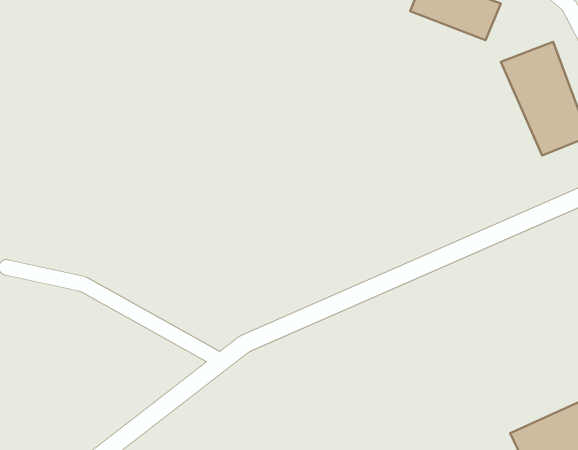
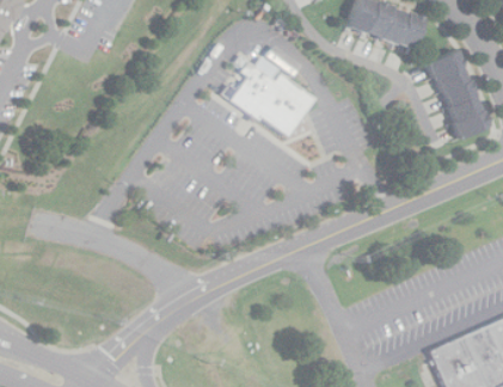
building: none -> [233,60,319,137]

